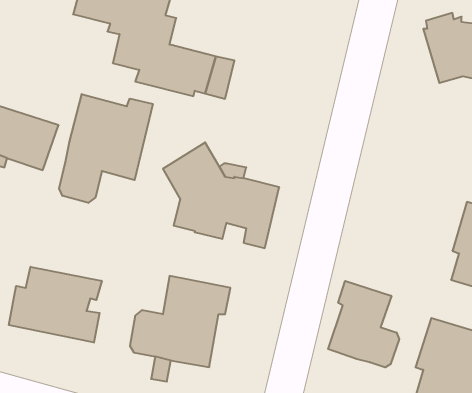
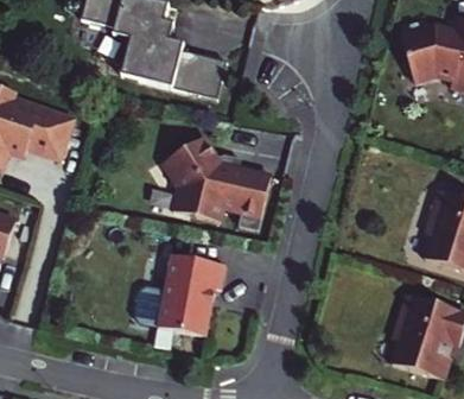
building: [59,94,153,203] -> none
building: [9,267,102,343] -> none
building: [328,281,399,367] -> none

